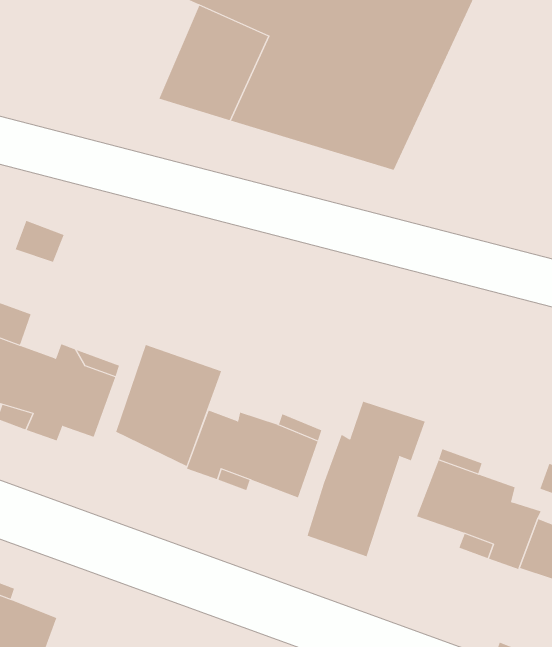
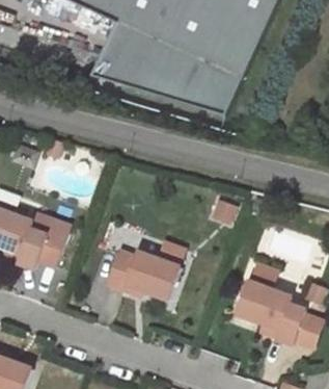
building: [116,344,222,467] -> none
building: [307,401,425,557] -> none

